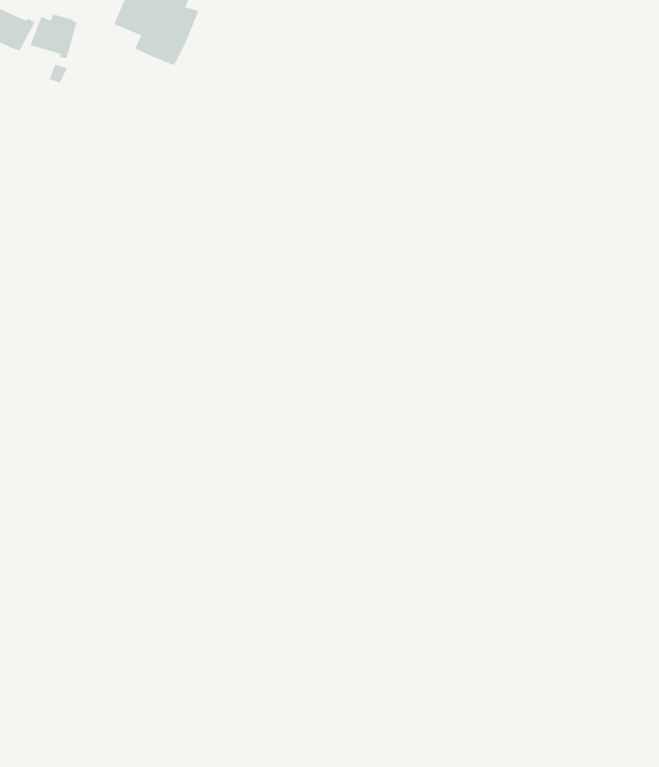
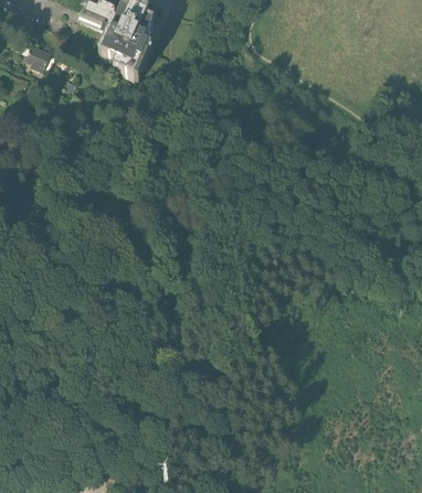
building: [30,13,77,59] -> none

